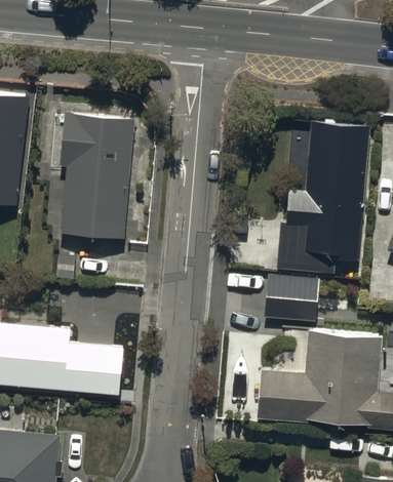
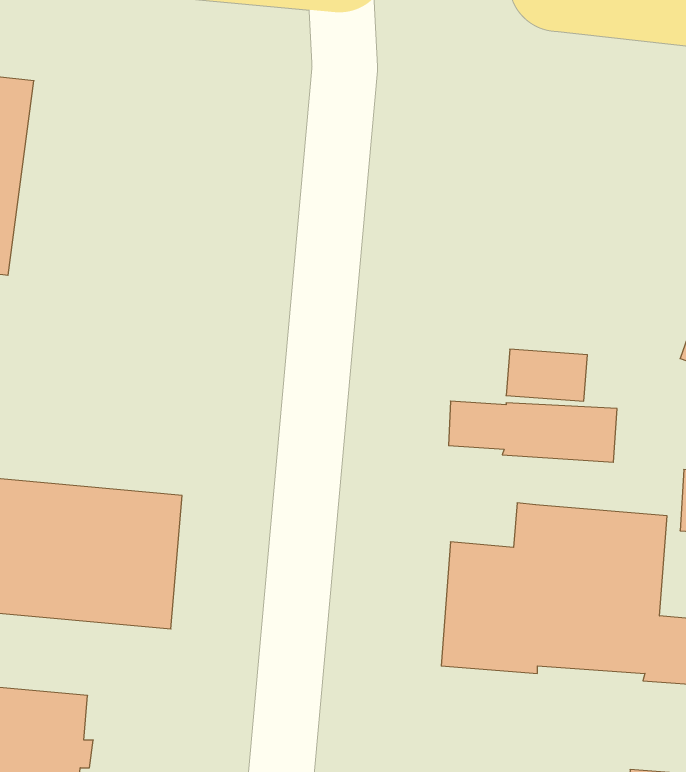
building: [60,115,132,239] -> none
building: [285,122,376,230] -> none

